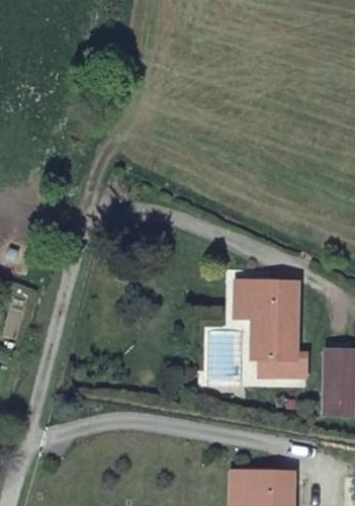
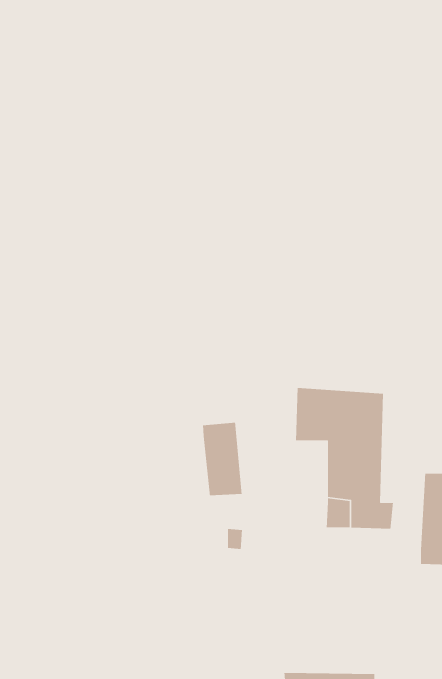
building: none -> [202,422,243,496]

